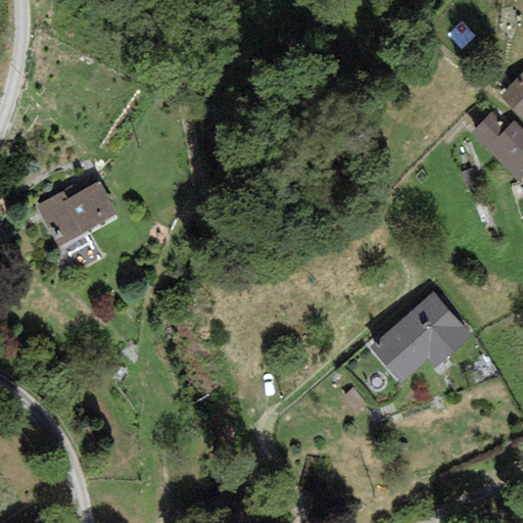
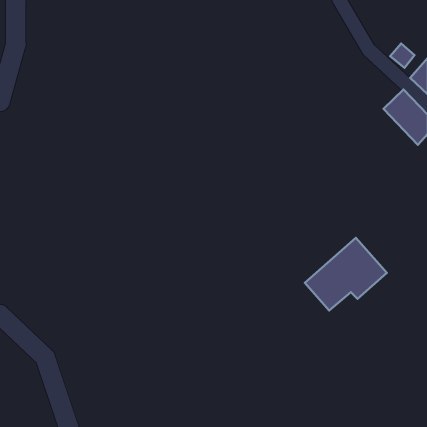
building: [38,181,117,246] -> none

